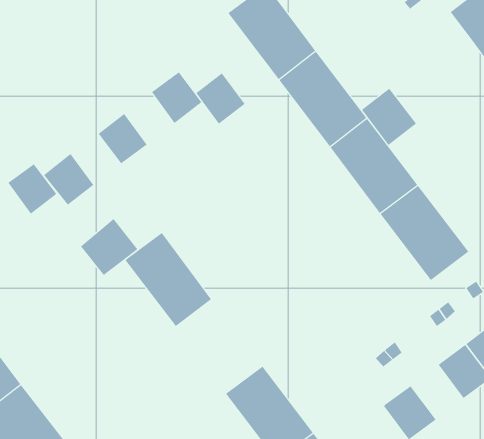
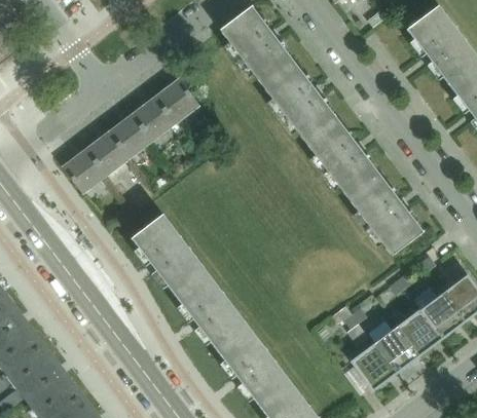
building: [196,72,245,125] -> [132,96,174,140]
building: [361,88,417,146] -> none
building: [7,163,57,214] -> [86,130,129,174]
building: [80,218,138,276] -> none
building: none -> [175,270,249,350]
building: none -> [374,326,418,372]

